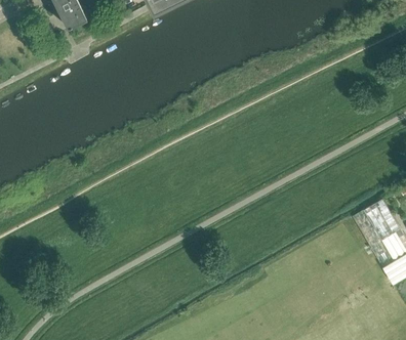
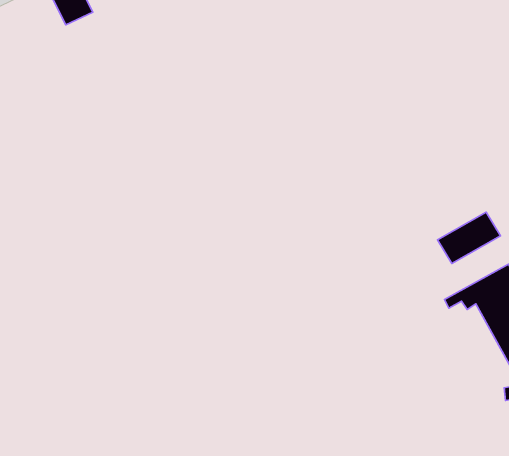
building: none -> [438,212,501,263]

